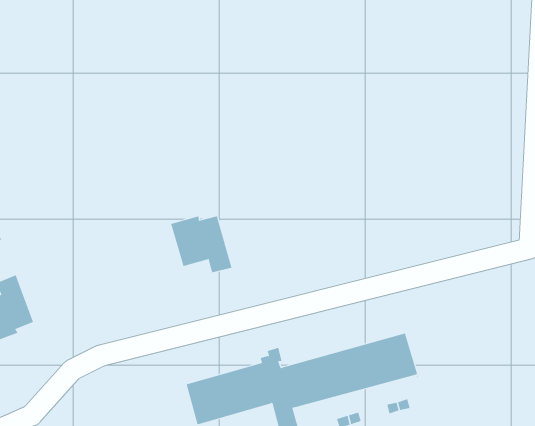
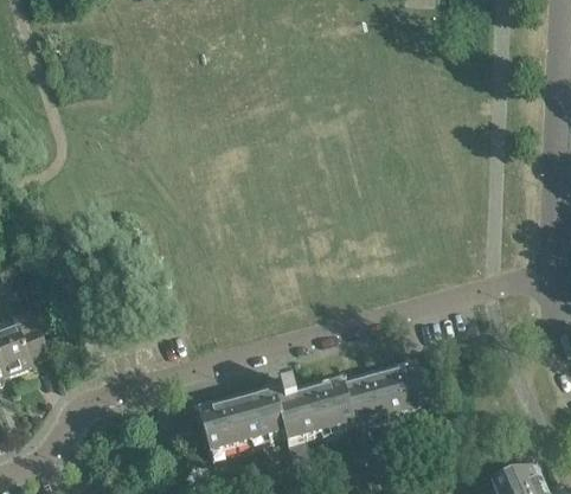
building: [171,215,232,273] -> none

